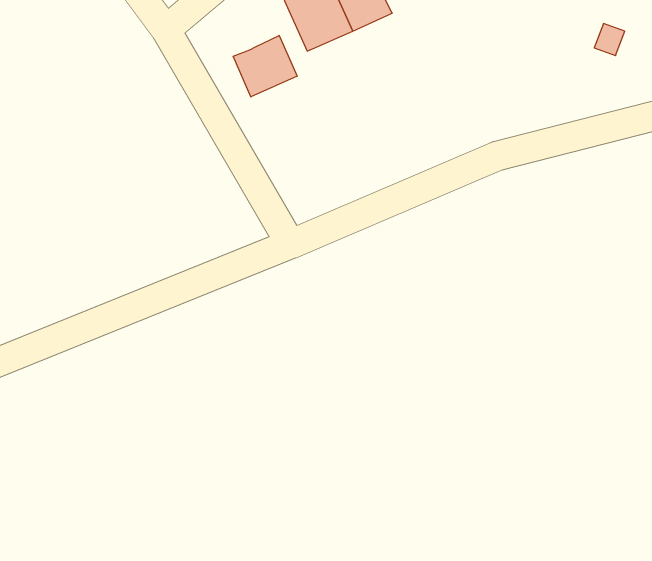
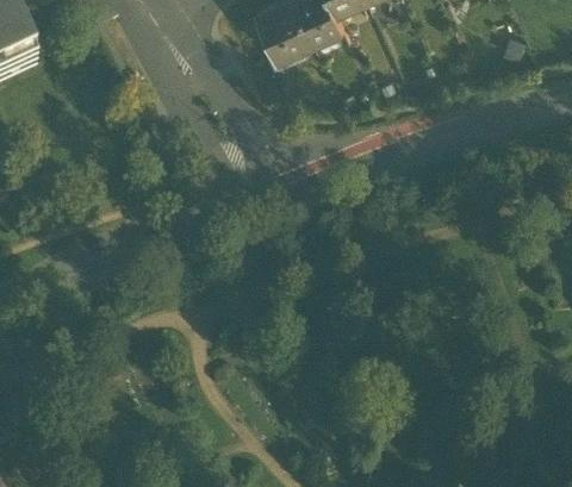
building: [233,35,297,97] -> none

